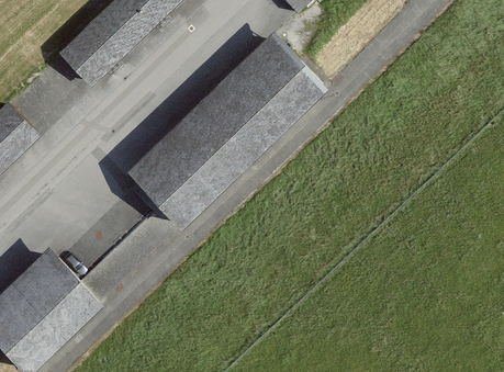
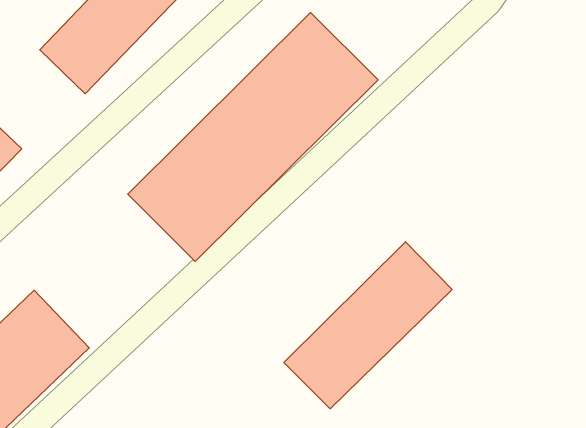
building: none -> [284,242,452,409]

